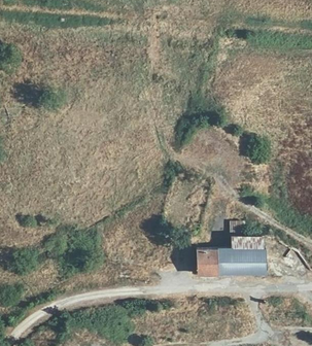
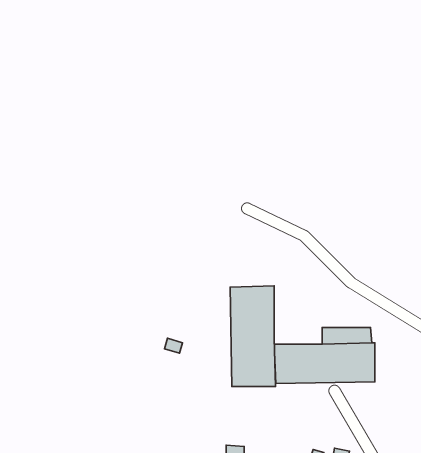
building: none -> [230,286,276,387]

